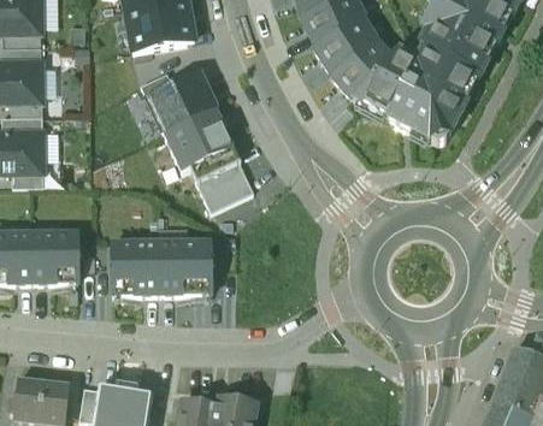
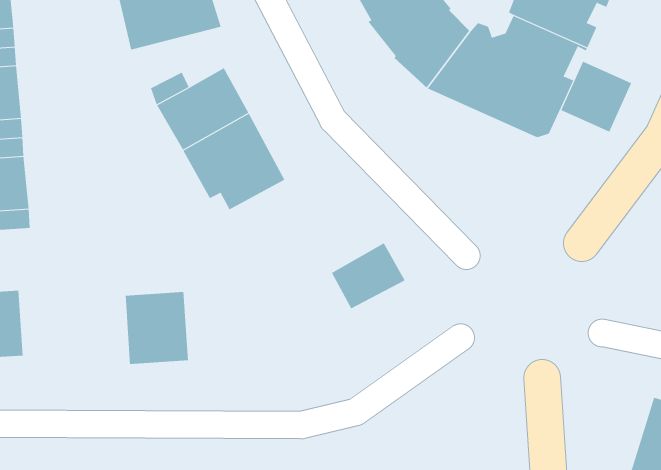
building: none -> [561,61,632,133]
building: [197,160,254,209] -> [331,243,405,309]
building: [31,231,78,282] -> none
building: [158,239,211,294] -> none

